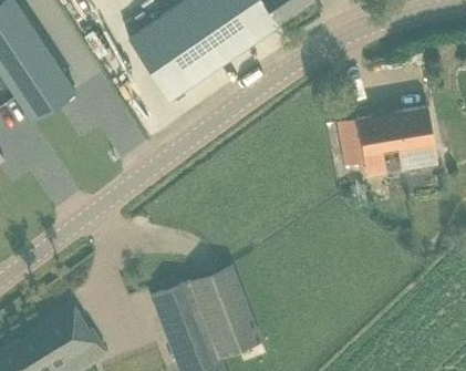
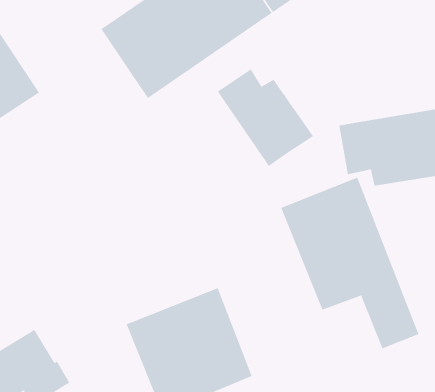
building: none -> [217,69,314,167]
building: none -> [281,177,419,349]

